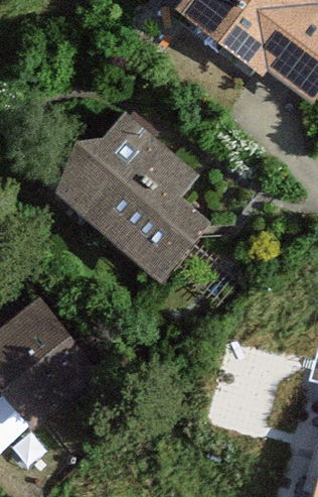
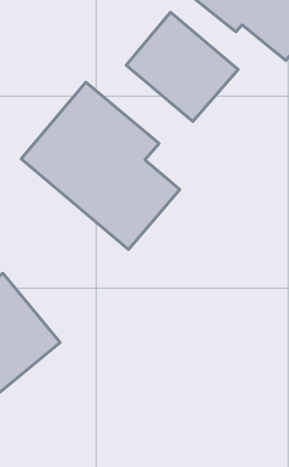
building: none -> [126,12,238,121]

